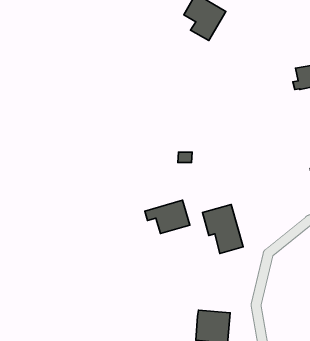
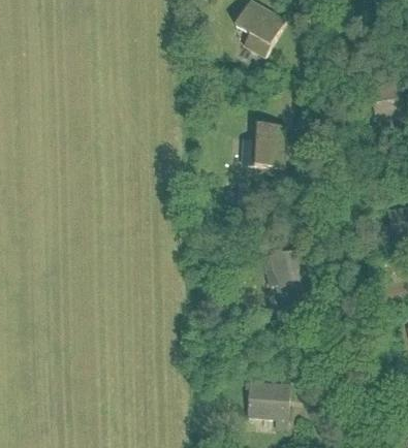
building: none -> [243,123,286,166]
building: [145,200,190,233] -> none

